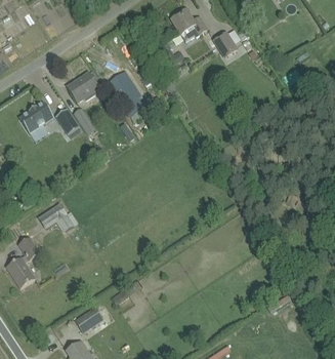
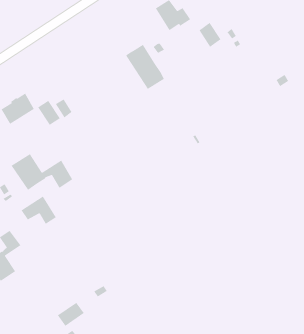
building: [107,71,145,117] -> [125,44,165,91]
building: [66,73,98,103] -> none
building: none -> [11,153,73,191]

